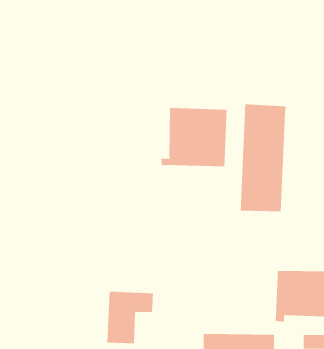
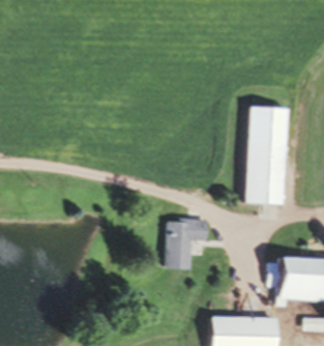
building: [160,107,227,167] -> none
building: [107,291,154,344] -> [165,221,208,269]

